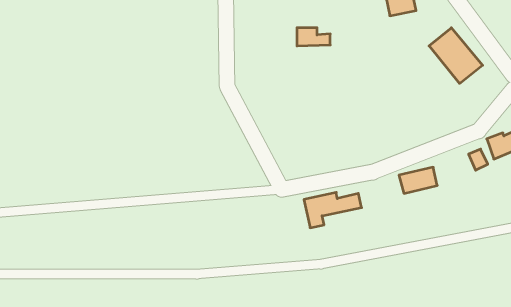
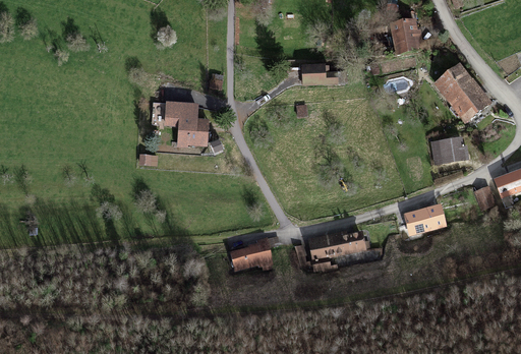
building: none -> [165,103,208,145]
building: none -> [433,138,466,163]
building: none -> [232,237,272,268]

